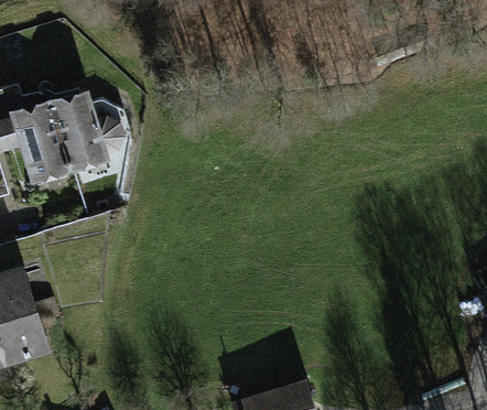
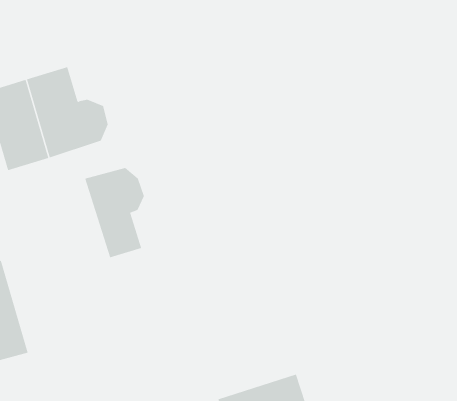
building: none -> [85,167,144,258]

